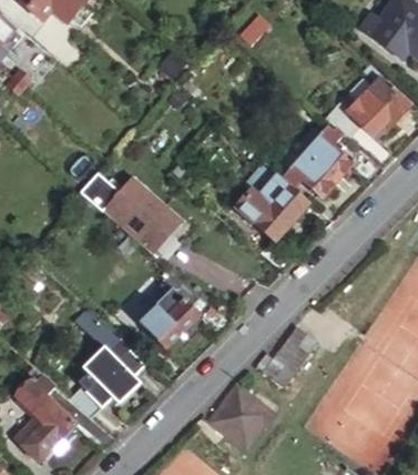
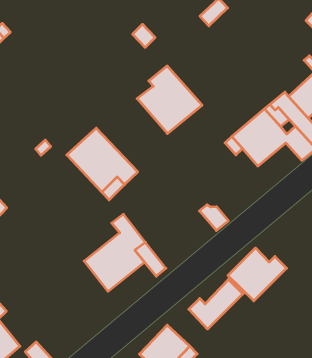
building: [234,168,307,243] -> [137,66,202,134]
building: none -> [228,248,287,301]
building: [65,306,139,416] -> none

